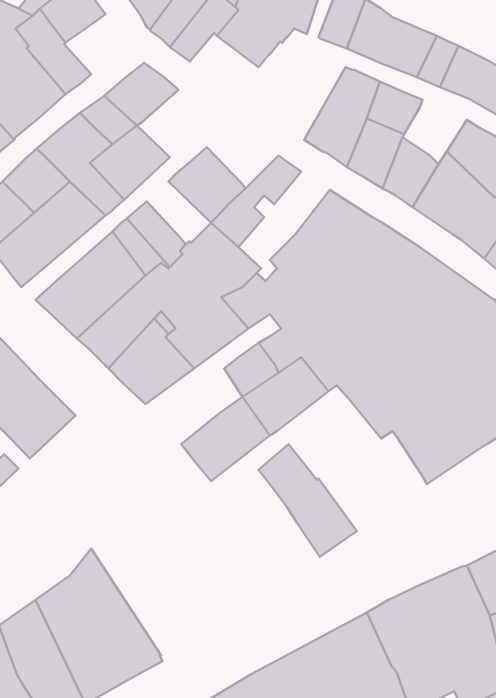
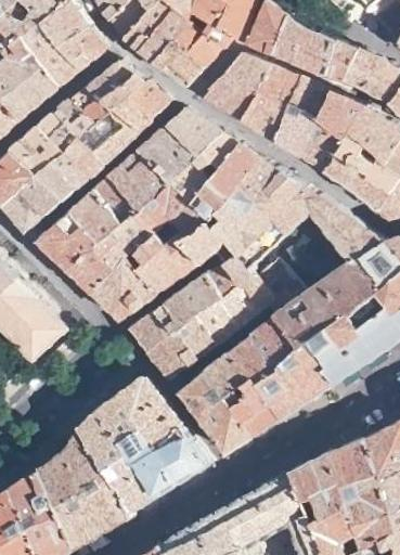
building: none -> [59,24,106,69]
building: none -> [154,38,206,86]
building: none -> [205,52,272,119]
building: none -> [114,81,171,132]
building: none -> [315,89,364,138]
building: none -> [167,108,221,156]
building: none -> [191,143,260,217]
building: none -> [121,151,170,198]
building: none -> [129,293,194,350]
building: none -> [229,315,334,416]
building: none -> [180,370,253,453]
building: none -> [79,375,211,511]

